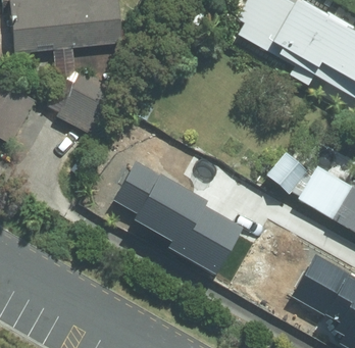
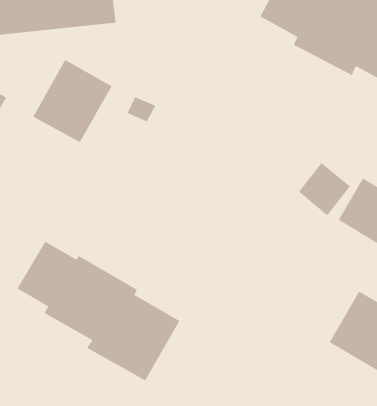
building: [113,161,243,272] -> [17,241,180,381]

